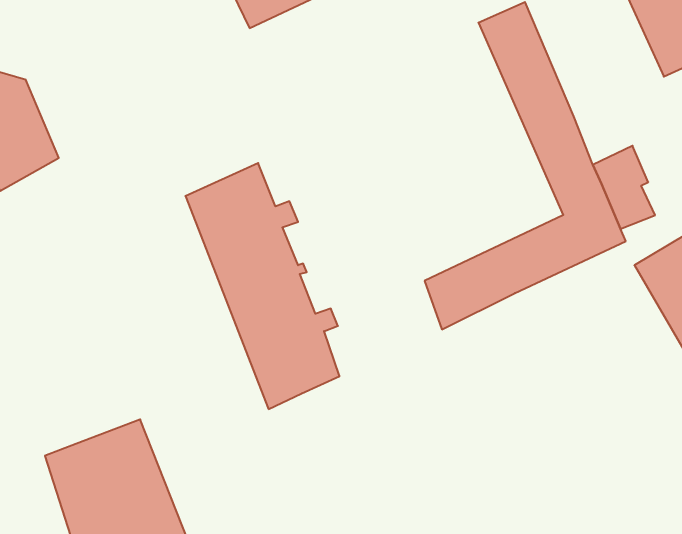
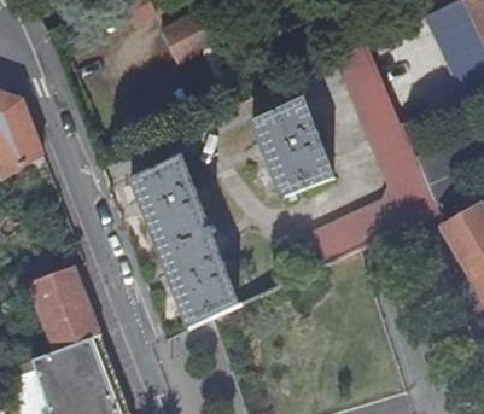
building: none -> [251,97,332,196]
building: none -> [28,266,99,350]

